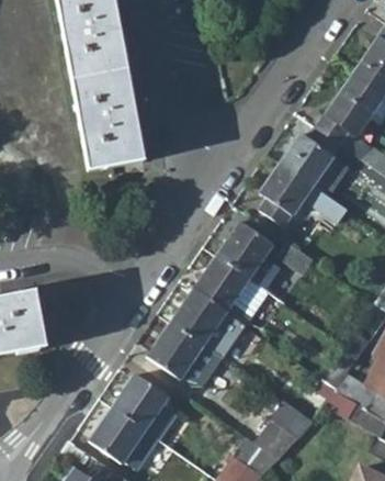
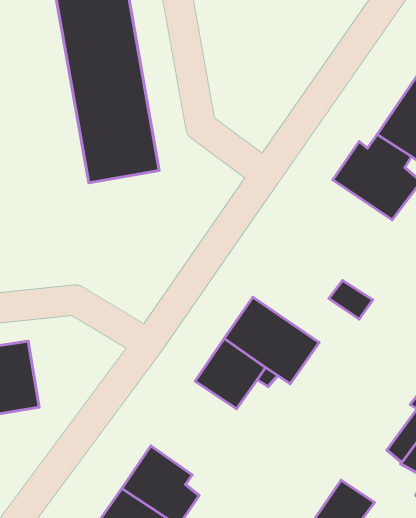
building: [260,165,333,227] -> none
building: [216,225,271,280] -> none
building: [147,325,220,389] -> none

